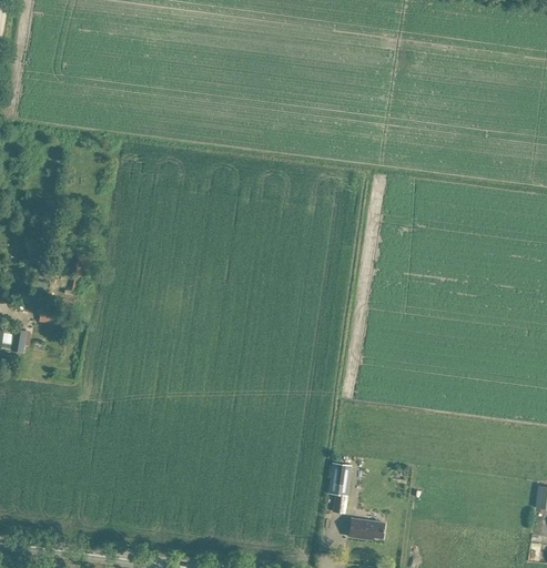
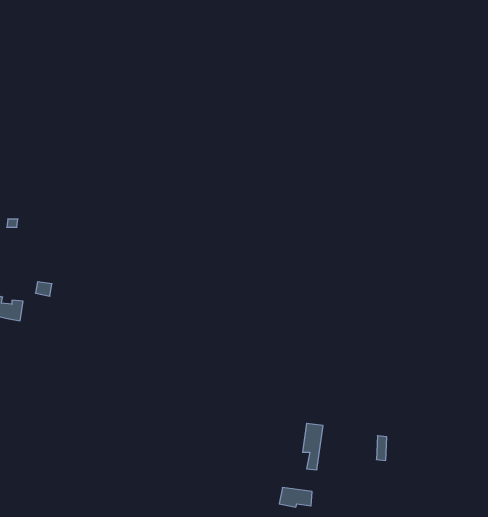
building: [348,518,384,539] -> [279,488,312,507]

